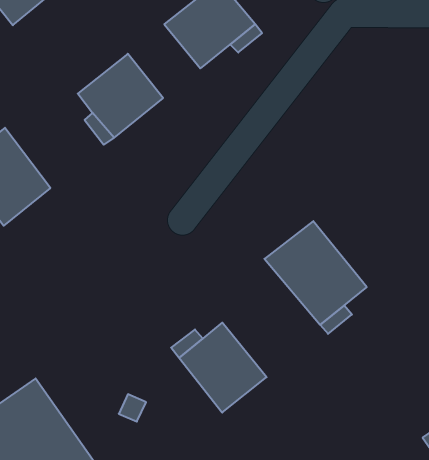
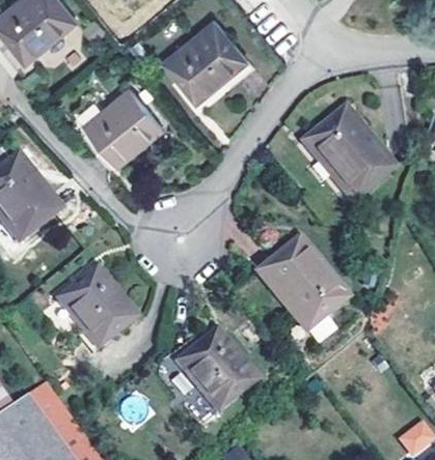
building: none -> [301,108,391,201]
building: none -> [56,268,137,349]

